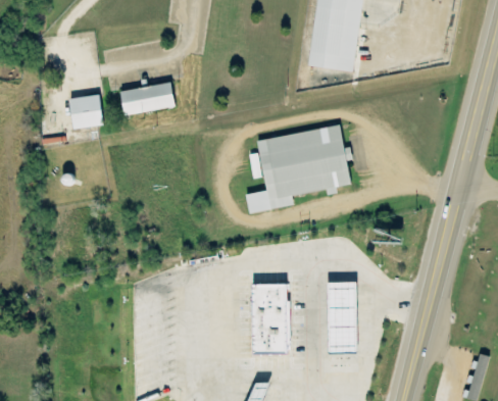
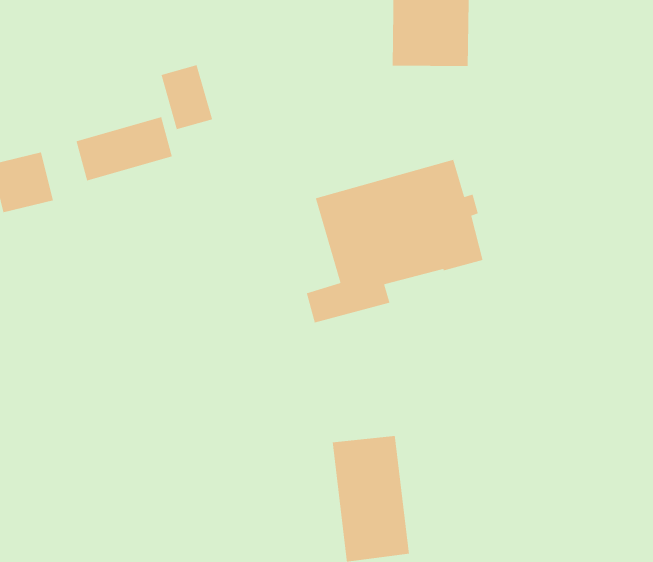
building: none -> [160,64,213,130]
building: [328,281,358,352] -> none

